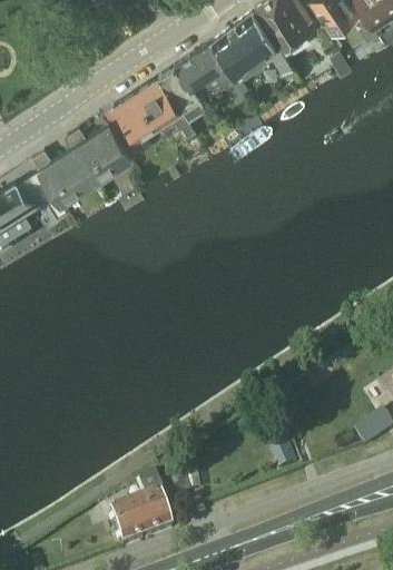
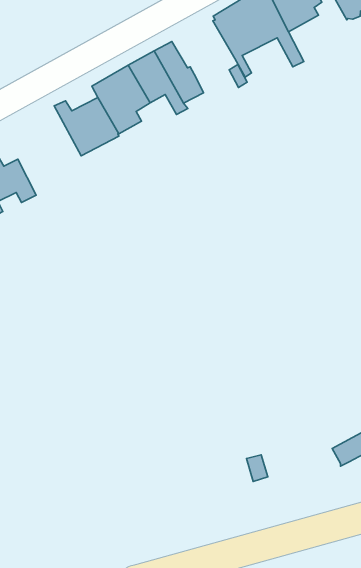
building: [175,37,235,96] -> none
building: [35,132,99,200] -> none
building: [112,472,177,547] -> none

